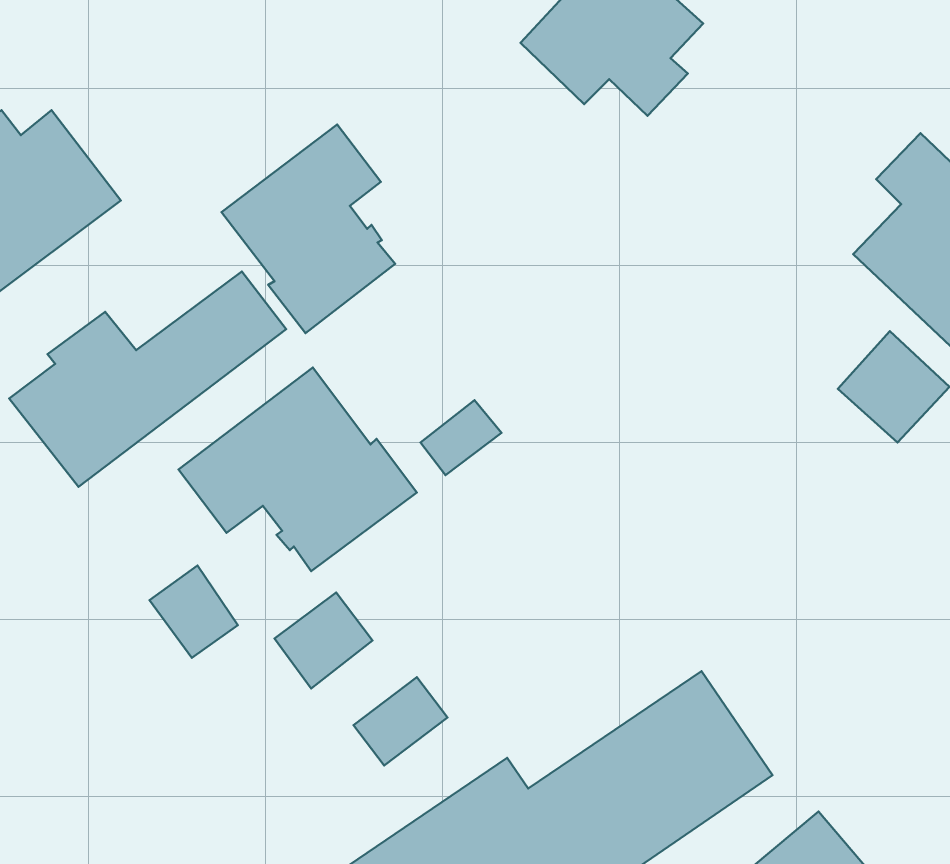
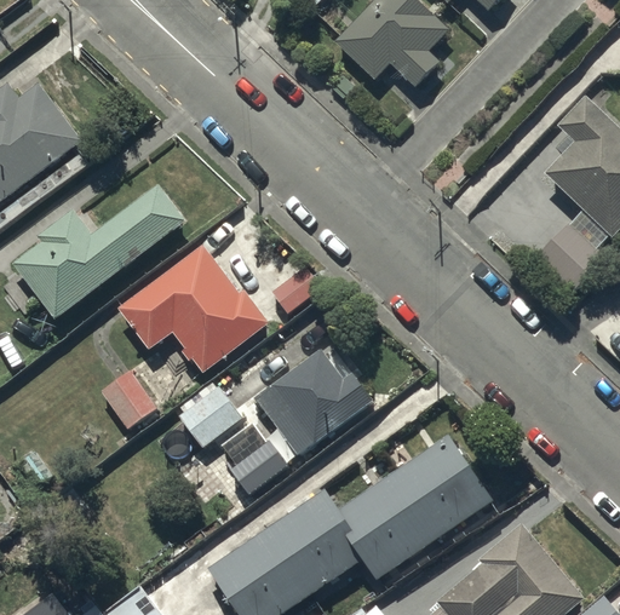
building: [222,124,395,333] -> none
building: none -> [252,349,373,455]

